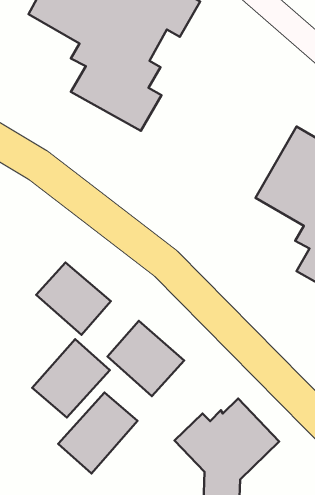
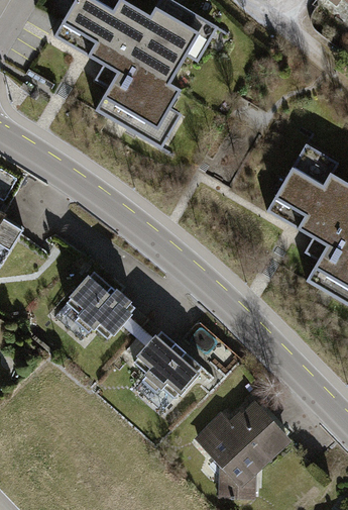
building: [32,339,110,417] -> none
building: [58,392,138,473] -> none

